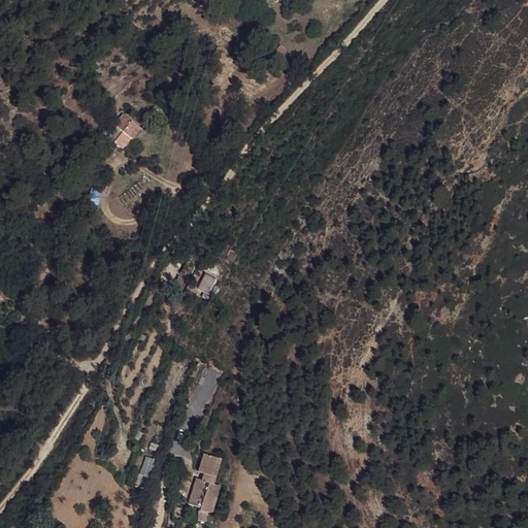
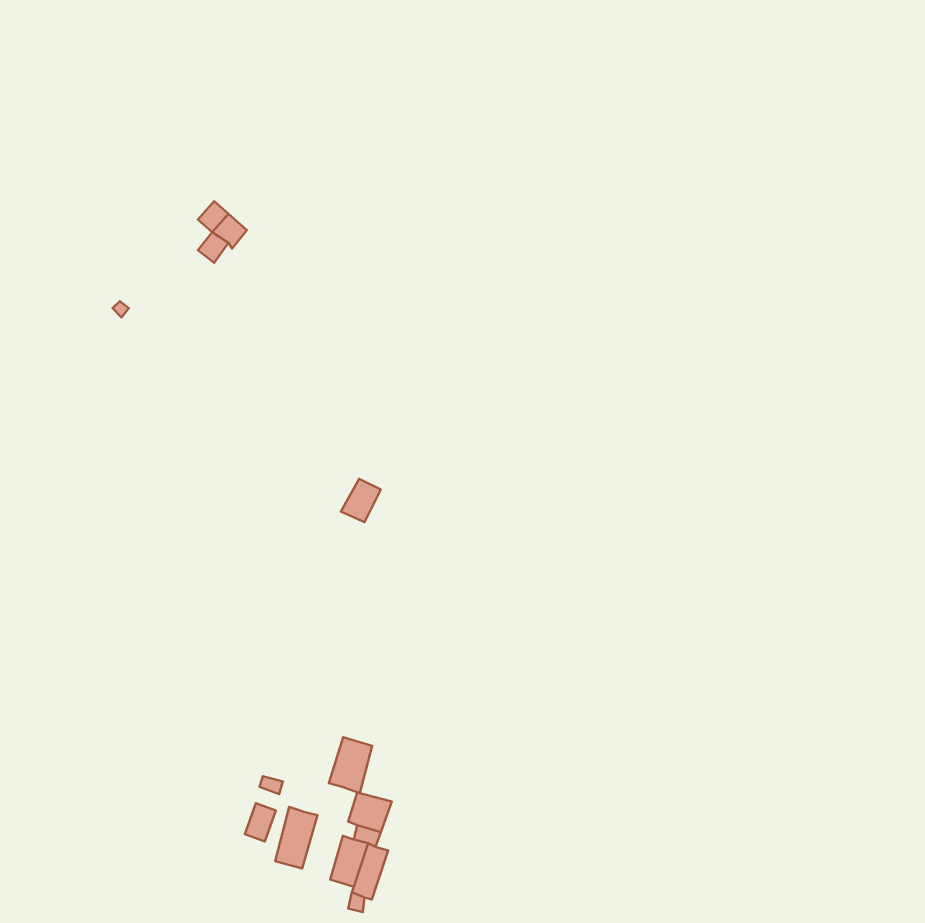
building: none -> [329,737,372,793]
building: none -> [275,807,318,868]

